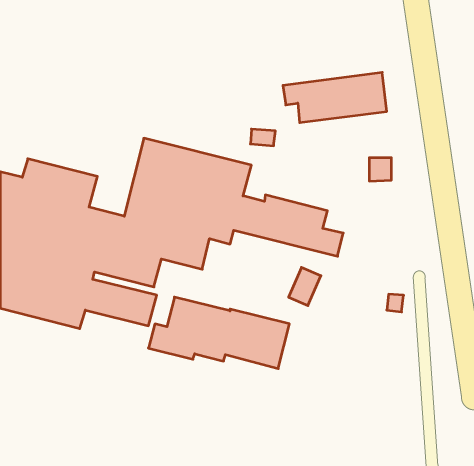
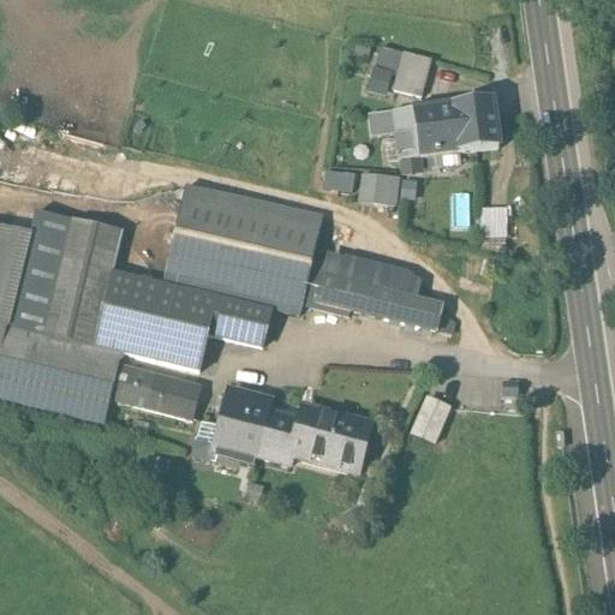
building: none -> [363,42,431,96]
building: none -> [357,172,399,203]
building: [289,267,321,306] -> [410,394,452,443]

